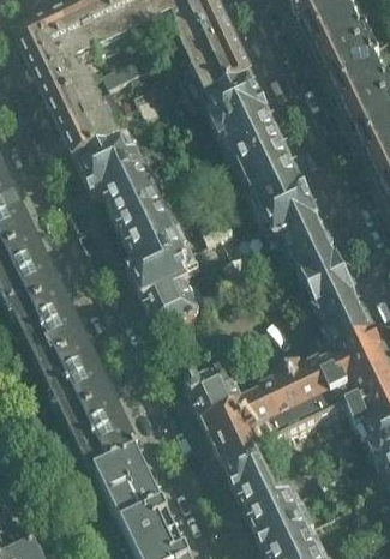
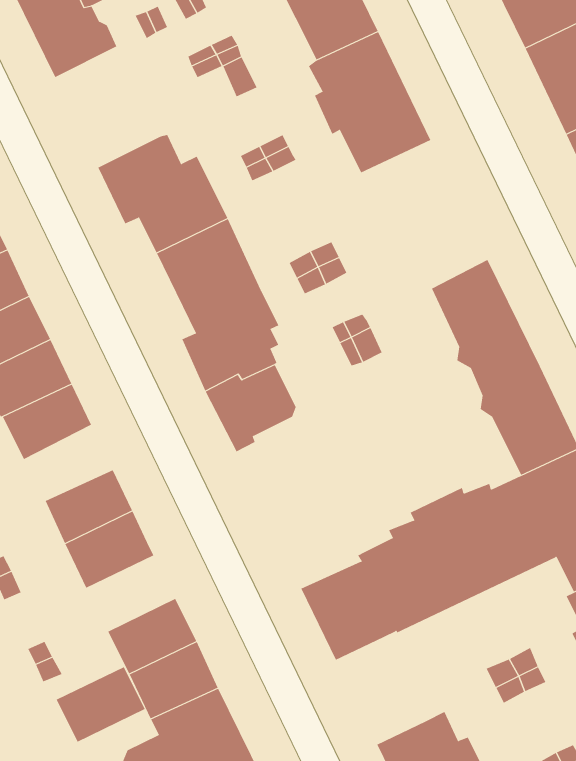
building: [50,84,115,158] -> none
building: [239,142,317,234] -> none
building: [31,317,86,363] -> none
building: [182,363,241,417] -> none
building: [70,397,125,444] -> [56,666,146,742]
building: [223,447,278,513] -> none

